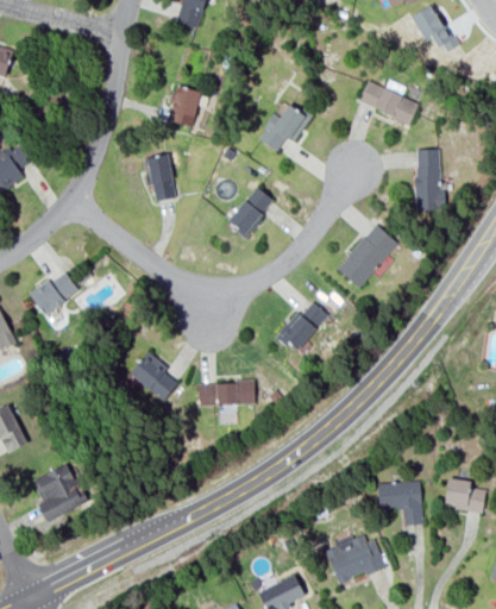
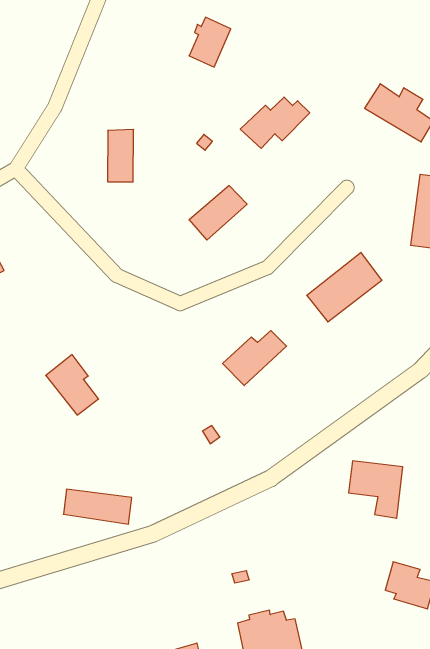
building: [169,87,200,127] -> [189,17,231,67]
building: [197,382,255,406] -> [63,489,132,524]
building: [377,481,422,525] -> [349,461,403,518]

